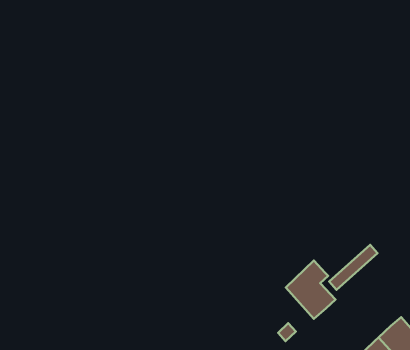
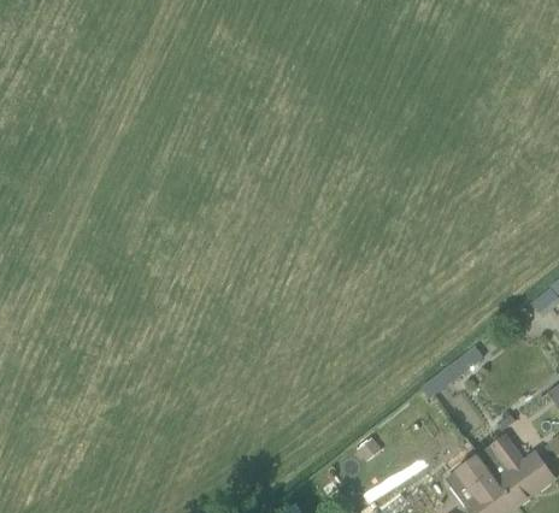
building: [286,261,335,319] -> none

